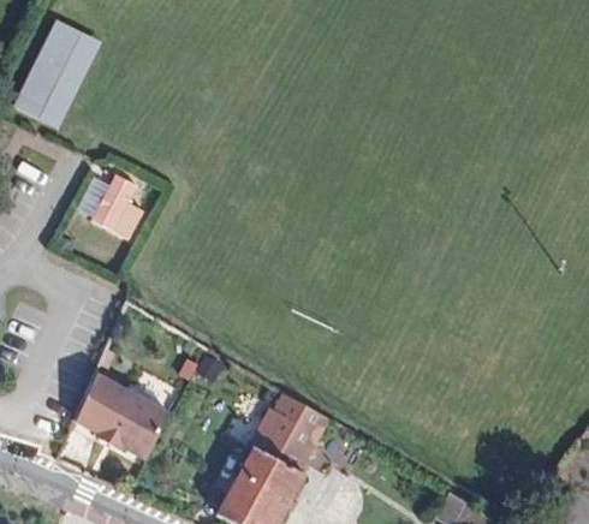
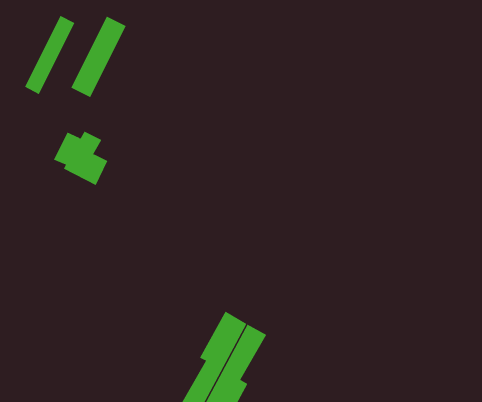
building: [13,23,81,121] -> [70,16,126,98]
building: [76,375,171,460] -> none

